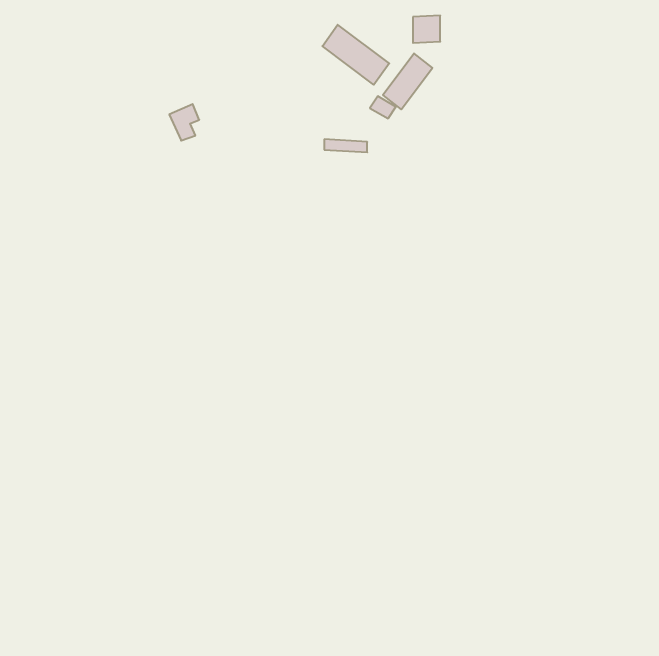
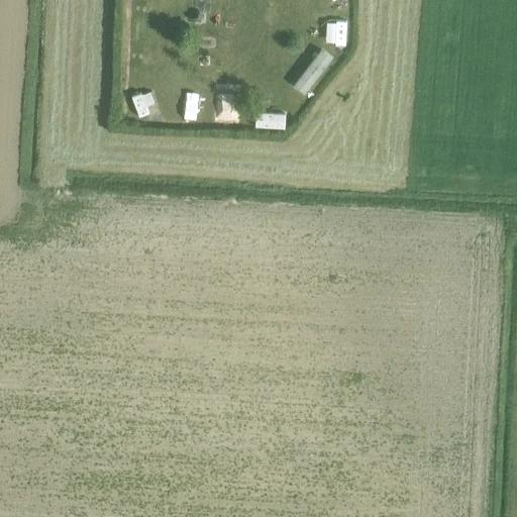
building: [322,25,389,85] -> none

